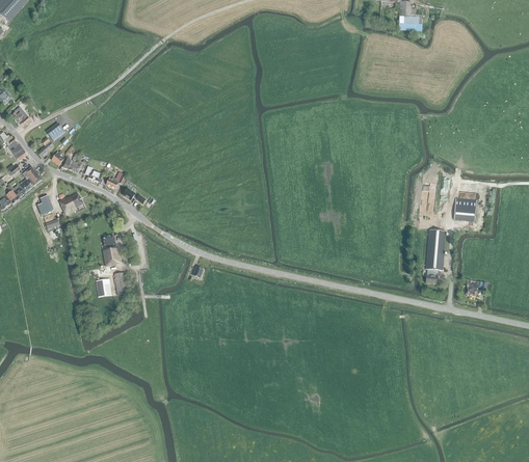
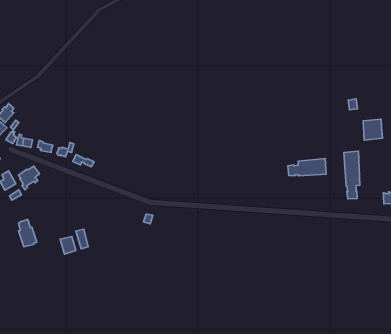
building: none -> [288,158,326,176]
building: [102,235,121,265] -> [18,220,37,247]

